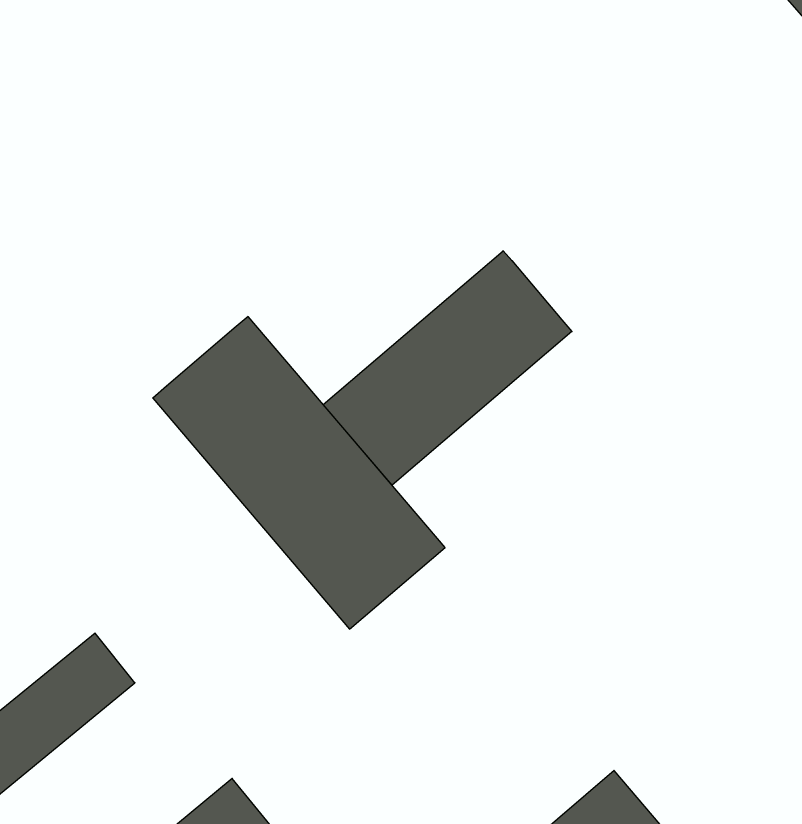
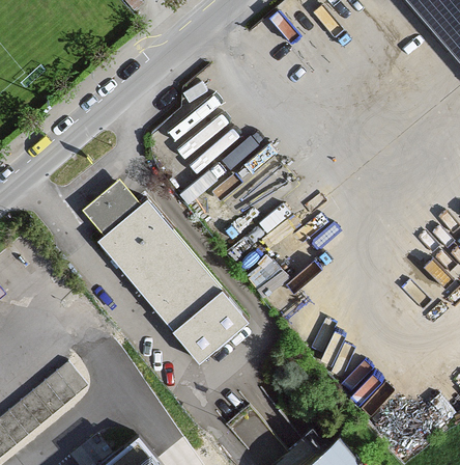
building: [323,251,572,485] -> none
building: none -> [81,177,140,235]

